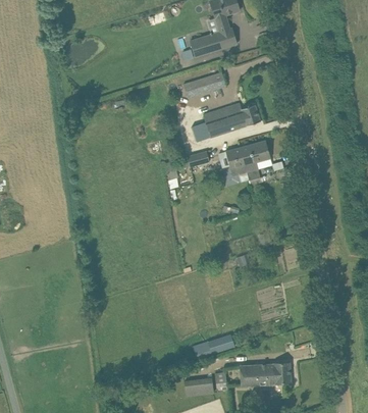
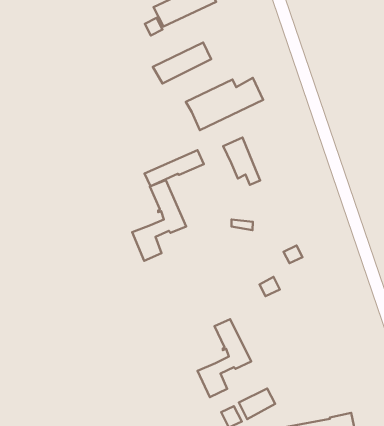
building: [240,141,270,186] -> none
building: none -> [132,180,186,261]
building: none -> [197,319,251,397]

